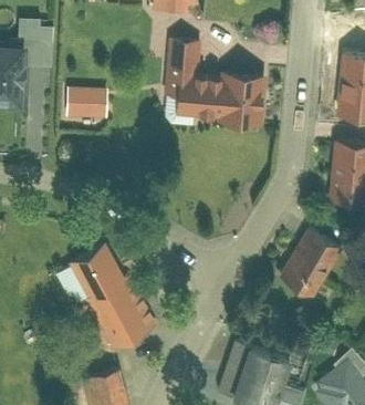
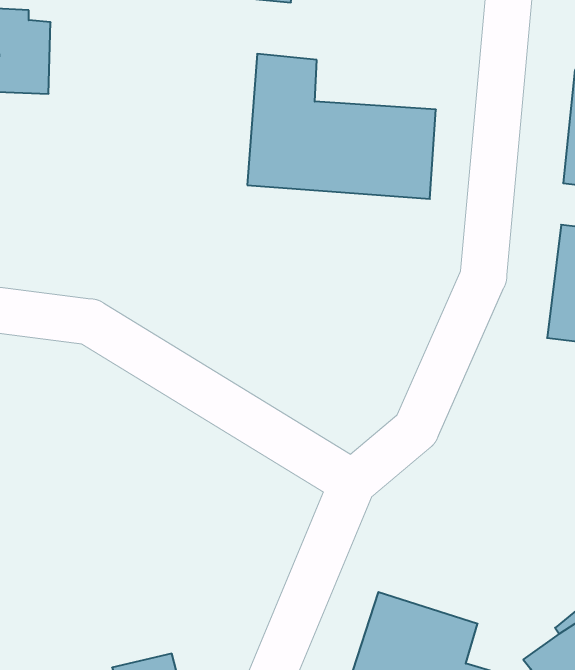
building: [65,91,97,121] -> none
building: [284,235,336,297] -> none
building: [72,246,153,352] -> none

